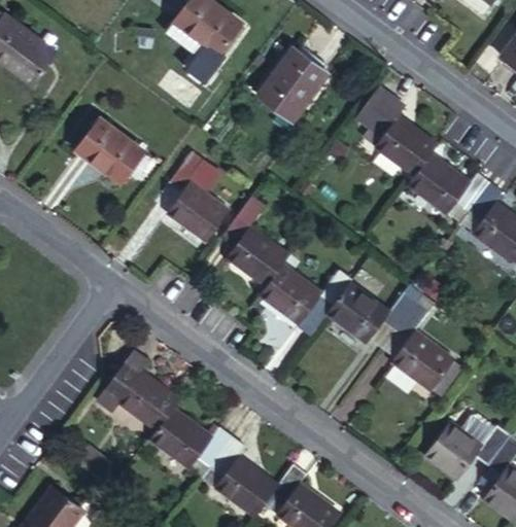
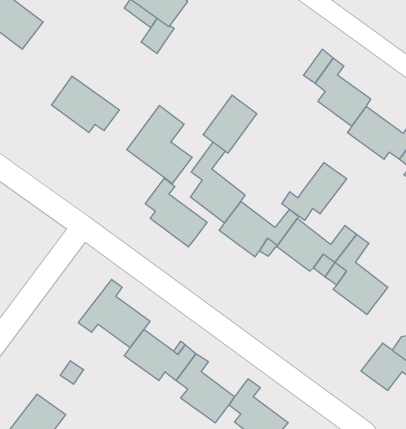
building: [272,49,334,116] -> [203,95,257,153]
building: none -> [282,163,347,220]
building: none -> [145,178,207,247]

